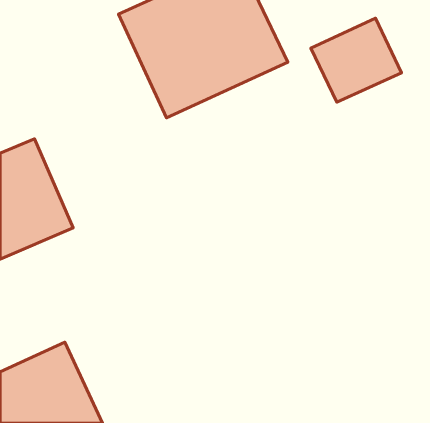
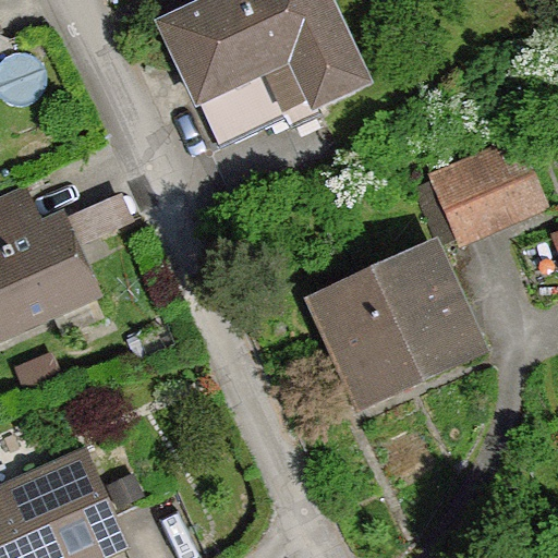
building: [311,18,402,102] -> [428,134,546,243]
building: none -> [303,240,488,420]

